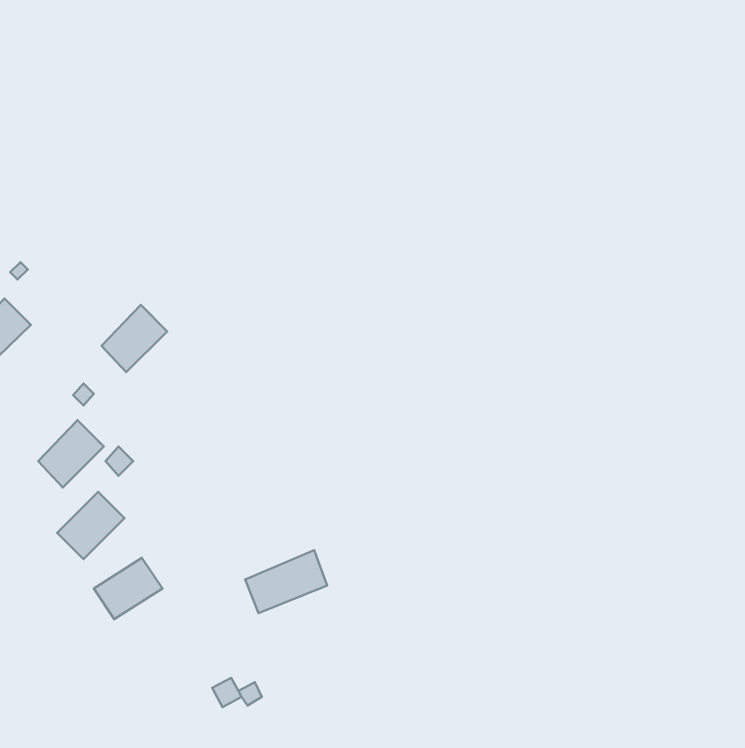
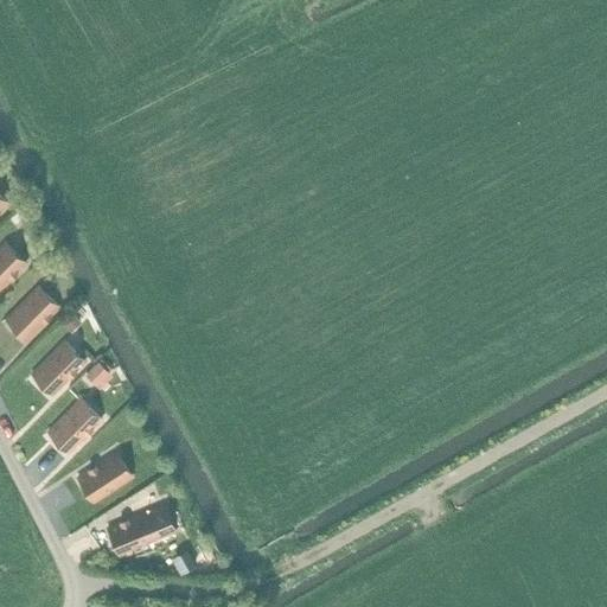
building: [101,305,167,372] -> [5,286,58,340]
building: [245,550,327,613] -> [107,504,173,555]

